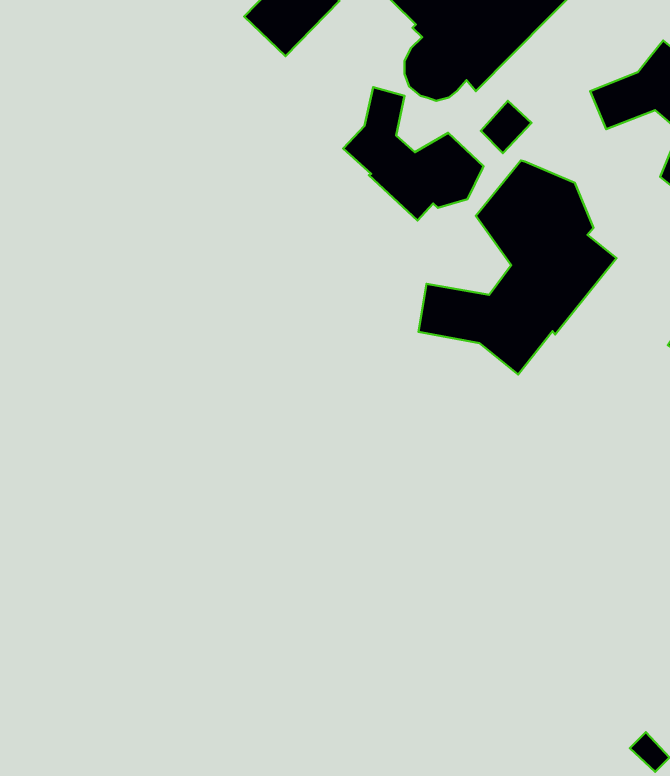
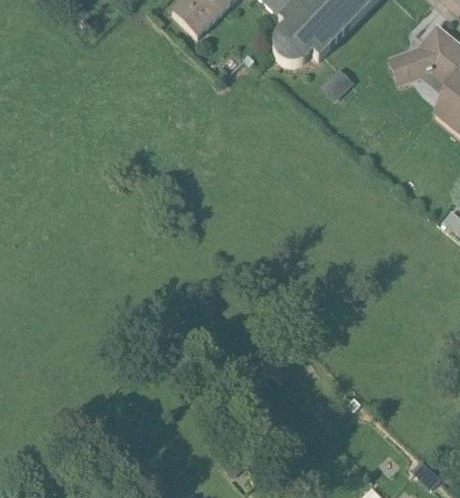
building: [343,87,483,220] -> none
building: [419,160,616,375] -> none

